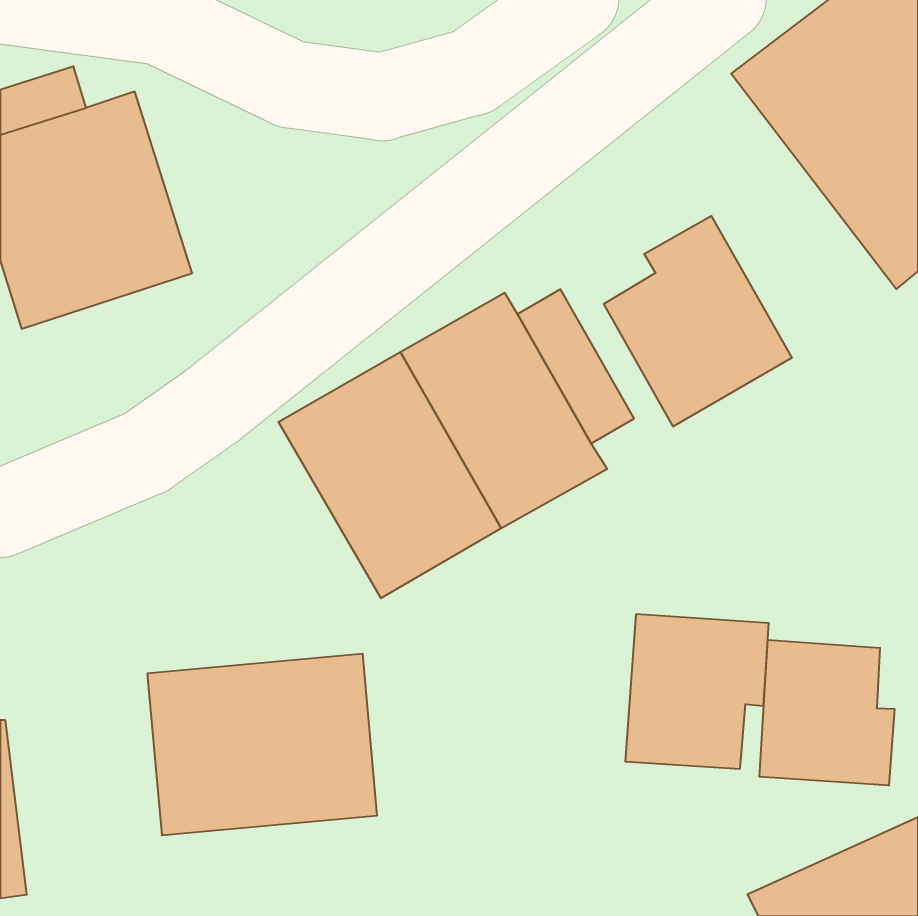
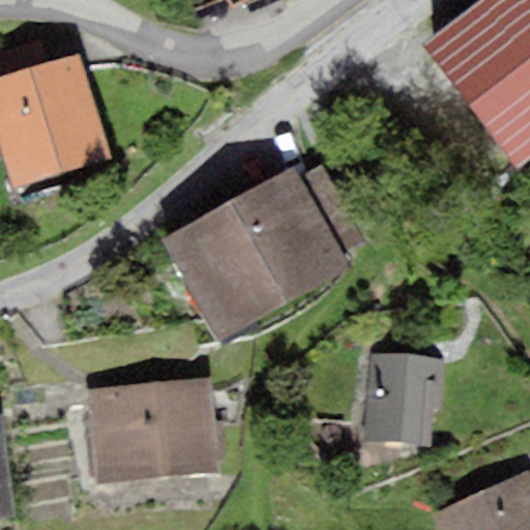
building: [604,216,792,427] -> none
building: [759,640,894,786] -> none

